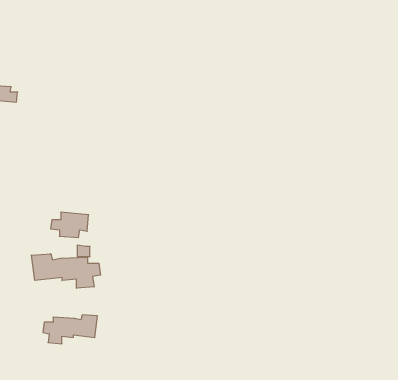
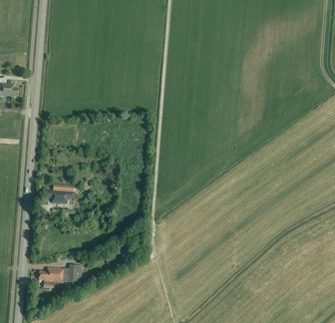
building: [32,254,101,288] -> none

